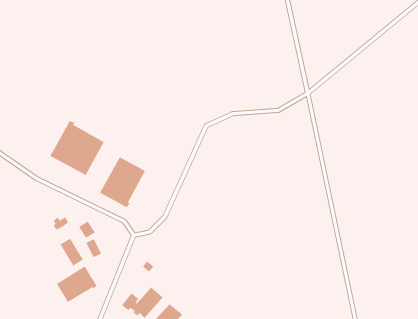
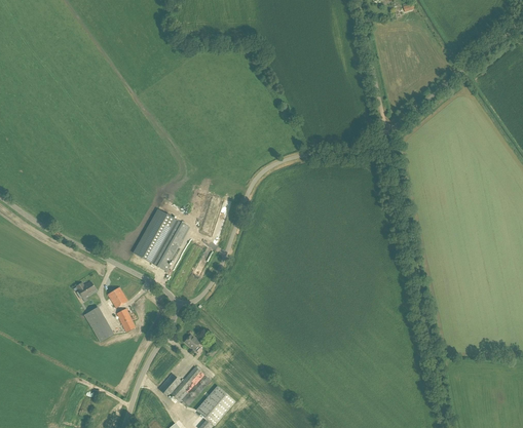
building: [50,120,105,176] -> none
building: [56,266,97,303] -> none

